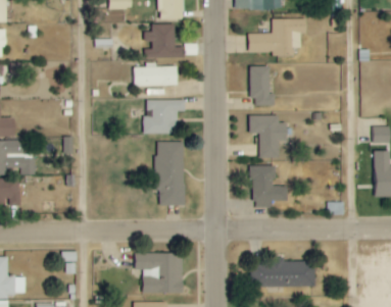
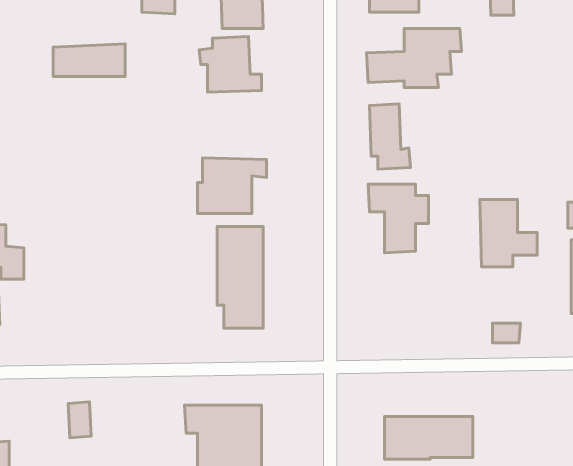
building: [133,65,178,86] -> [53,44,125,77]
building: [251,165,287,207] -> [480,200,537,267]

